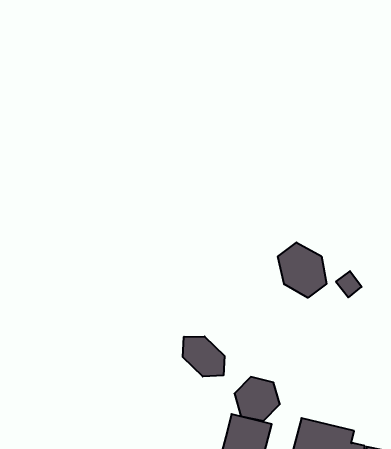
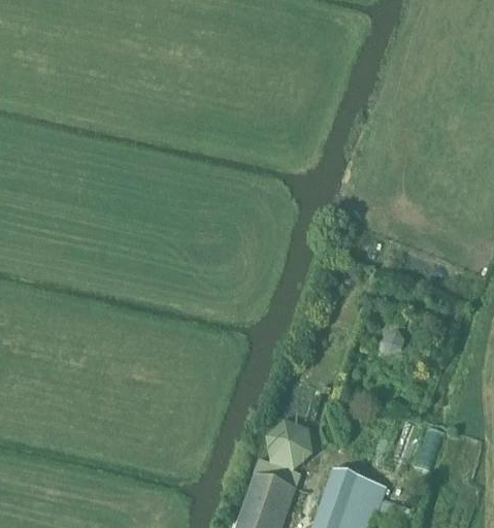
building: [278,242,327,298] -> none
building: [183,336,224,377] -> none

